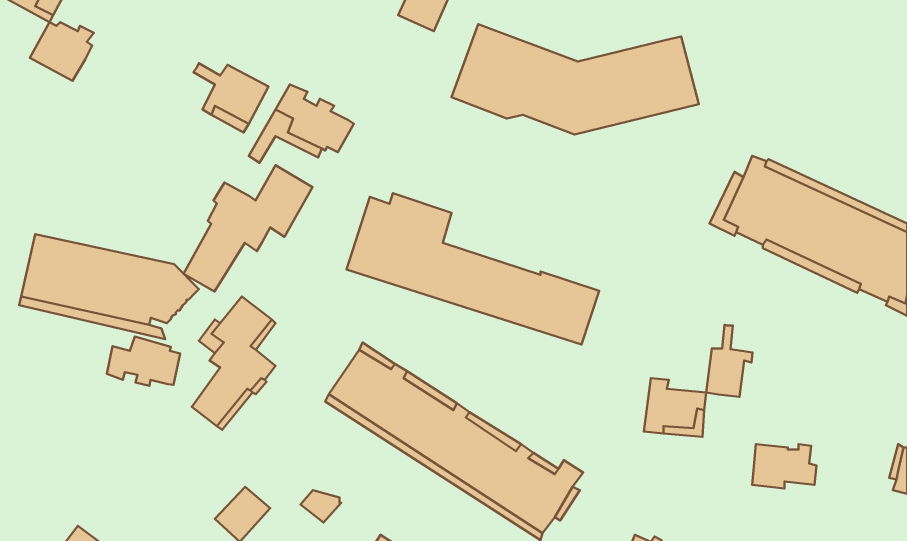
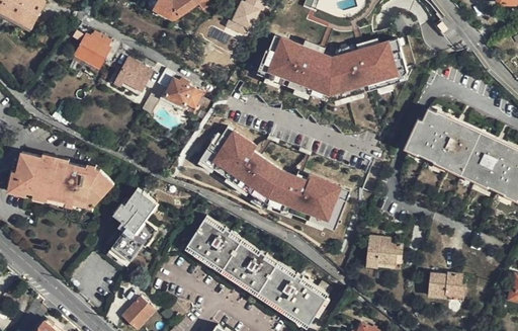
building: [30,22,94,81] -> [75,34,111,68]
building: [183,165,312,292] -> none
building: [706,325,752,397] -> none
building: [107,337,180,386] -> none

